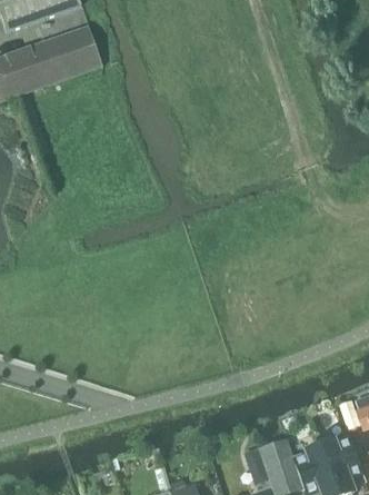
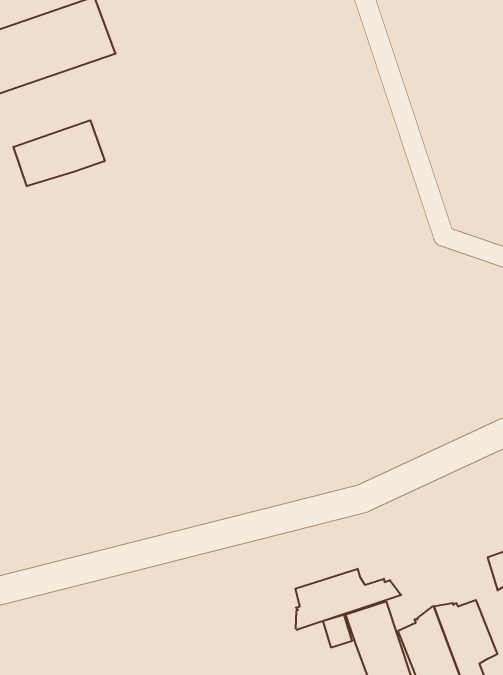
building: none -> [13,120,105,186]
building: none -> [295,569,401,630]

